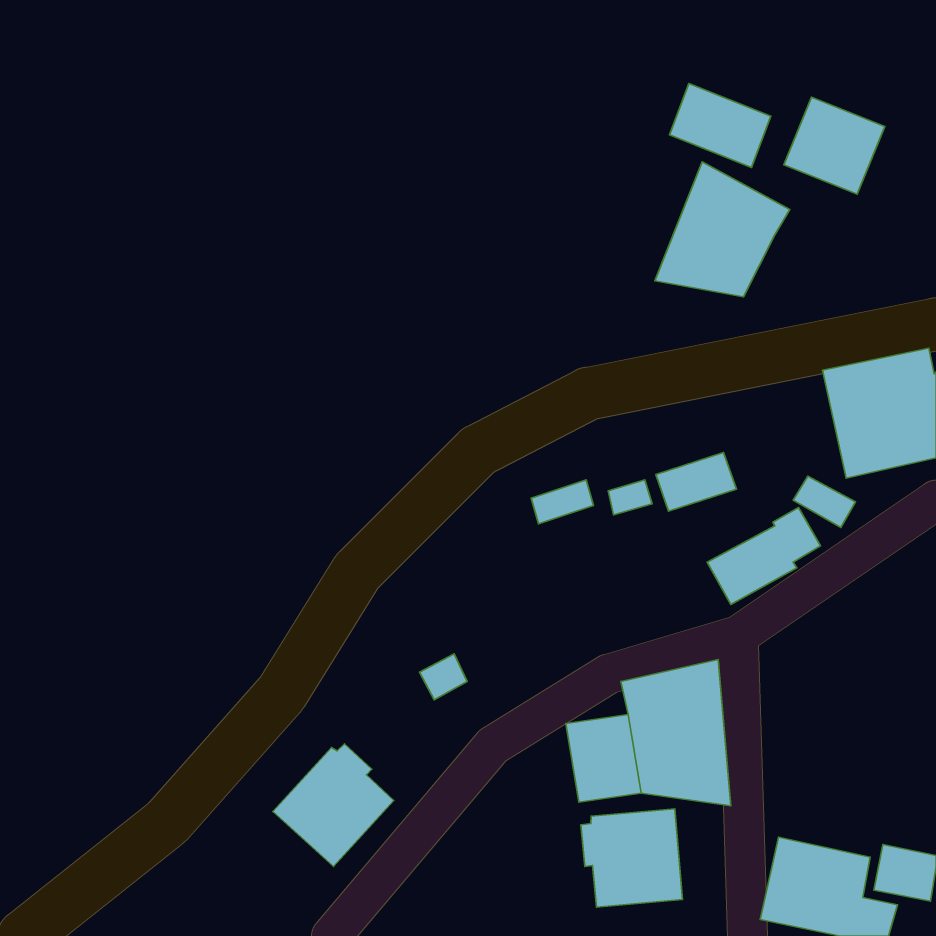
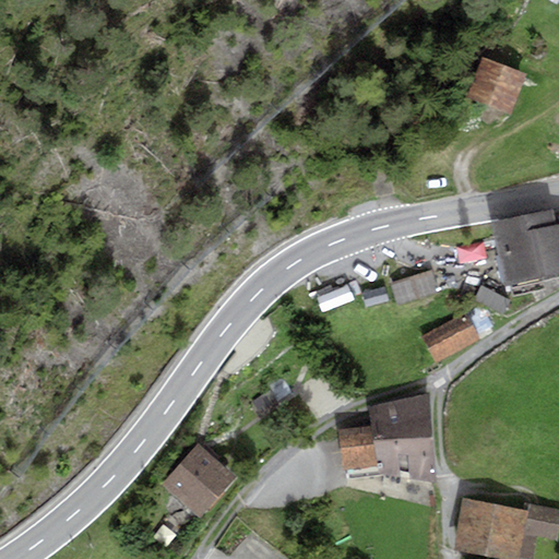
building: [669,83,771,168] -> none
building: [655,162,790,297] -> none
building: [581,809,682,907] -> none

